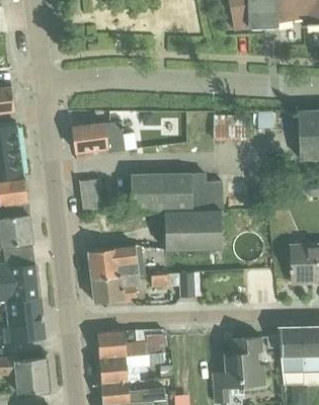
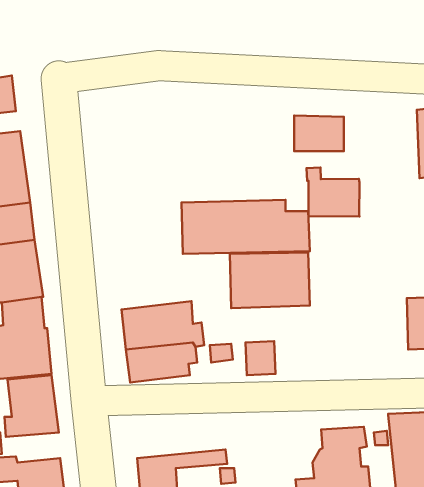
building: [72,122,137,153] -> none
building: none -> [307,167,359,217]
building: [79,179,104,217] -> none
building: [98,329,165,357] -> none

